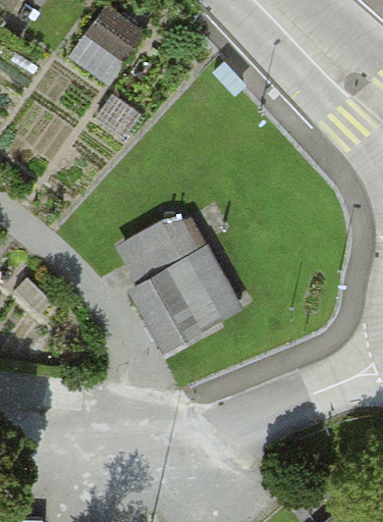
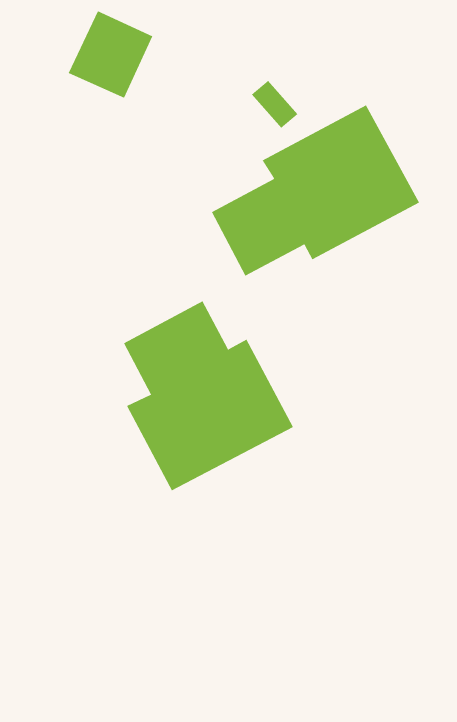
building: none -> [211,105,420,277]

